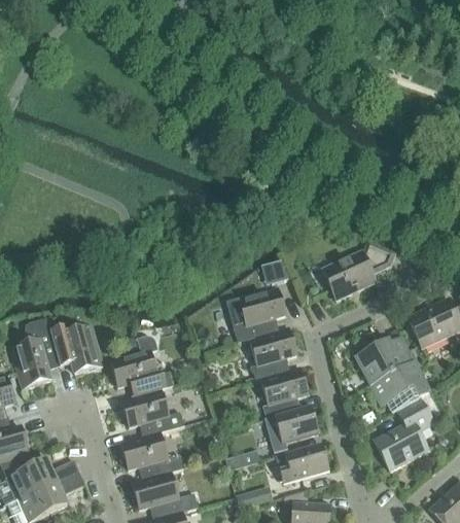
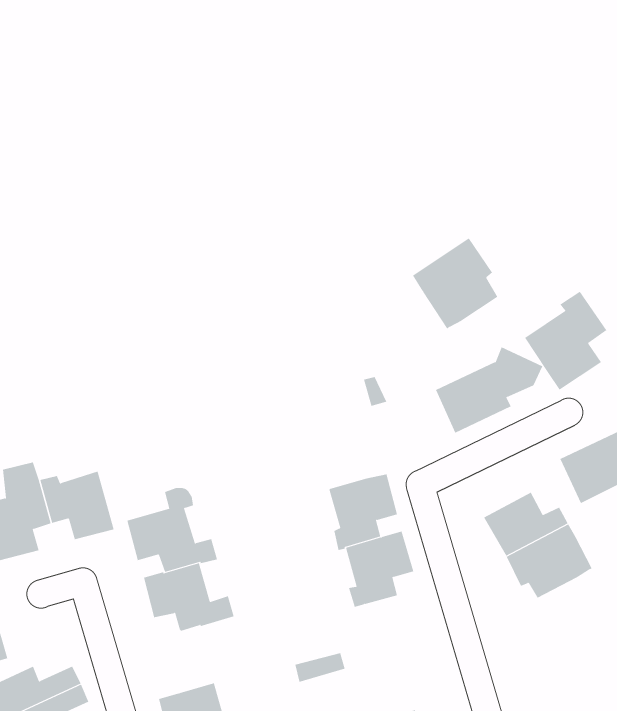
building: none -> [412,238,498,329]
building: none -> [525,291,607,390]
building: [225,287,285,343] -> none
building: [375,393,436,470] -> none
building: [274,407,318,443] -> none
building: [120,431,183,478] -> none
building: [281,445,329,483] -> none

